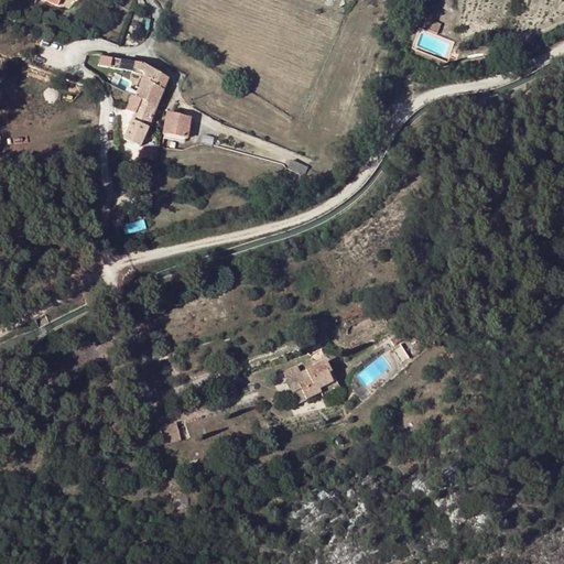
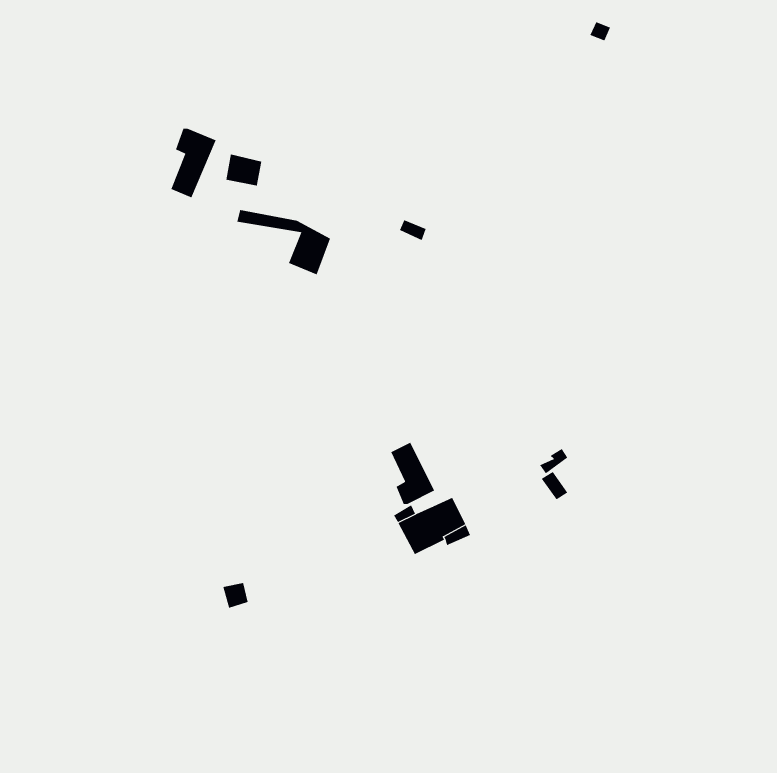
building: [99,54,167,101] -> [236,210,331,275]
building: none -> [390,442,435,505]

